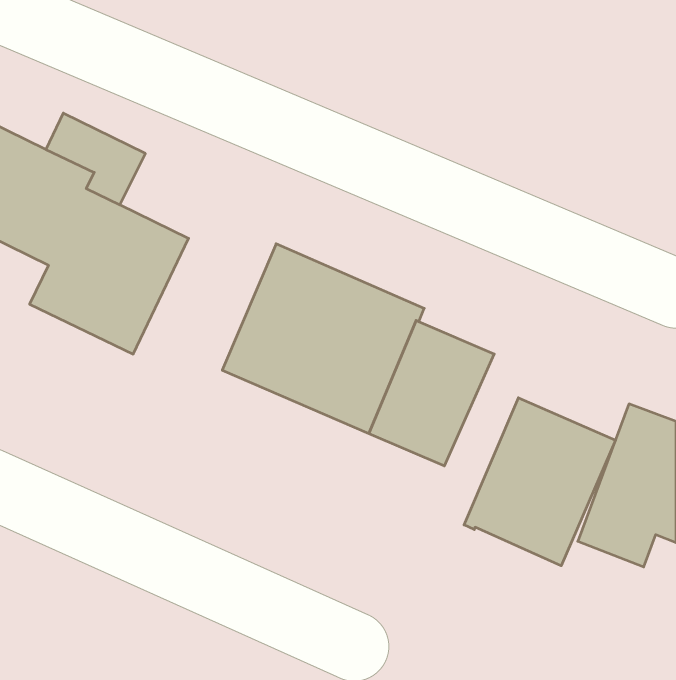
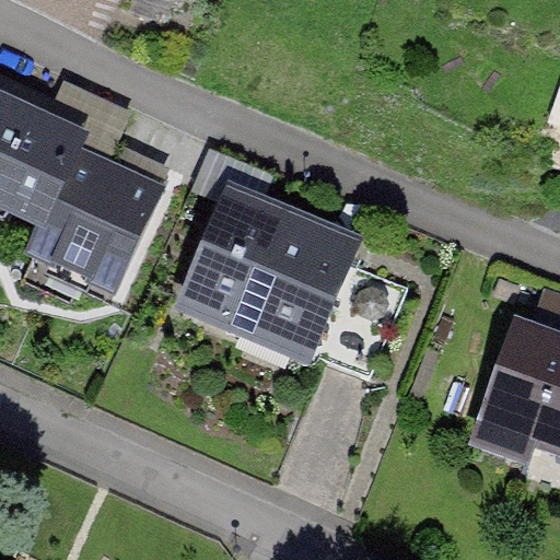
building: [464,398,615,566] -> none

